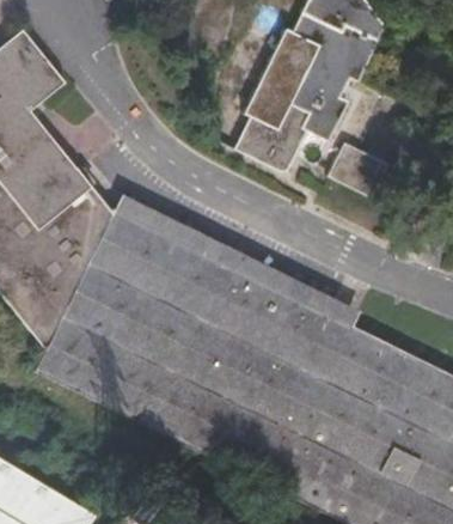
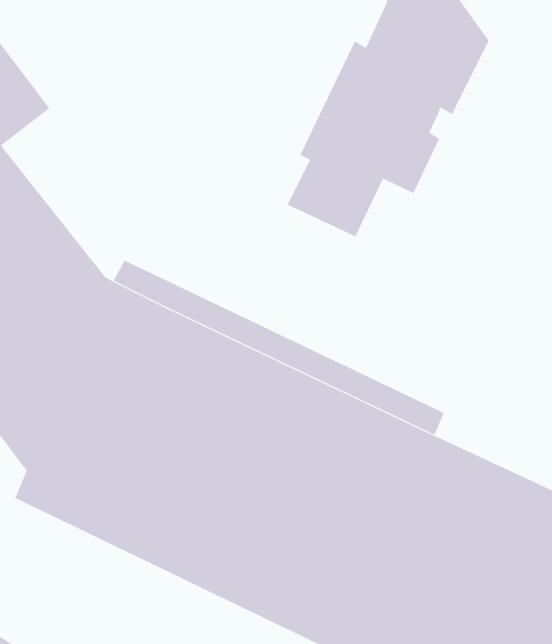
building: [332,147,394,203] -> none

